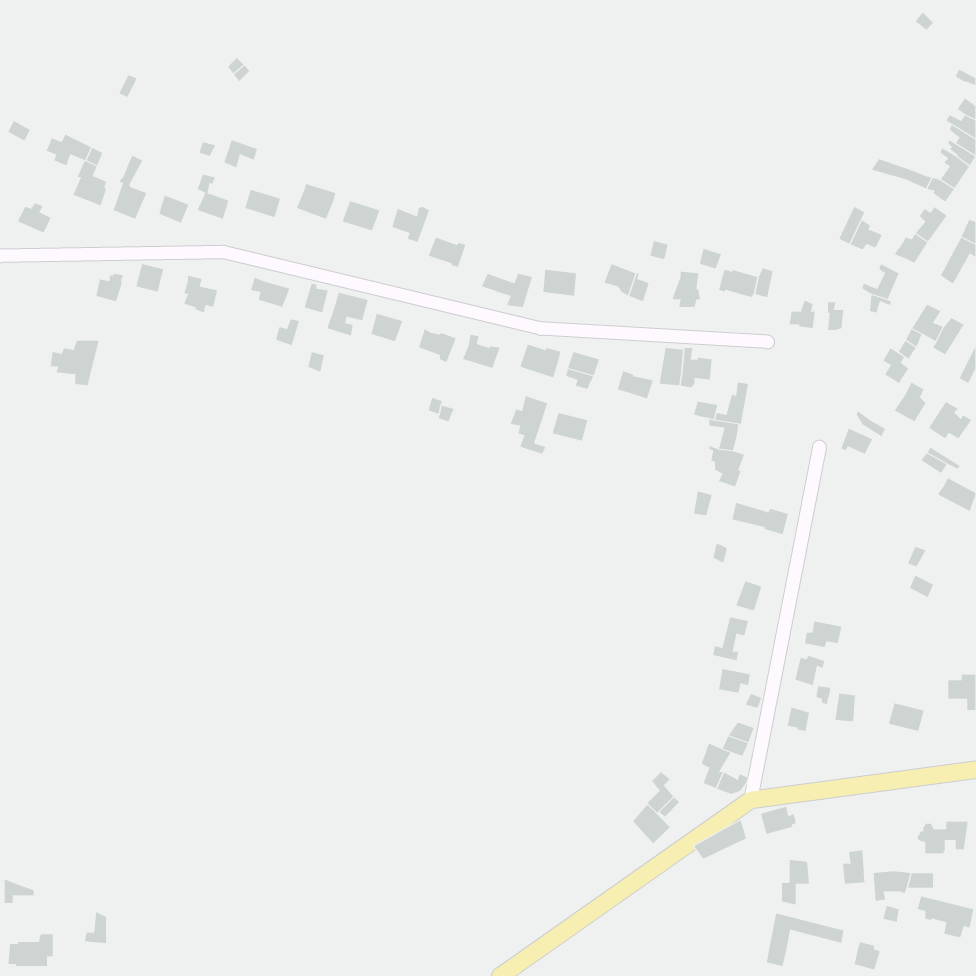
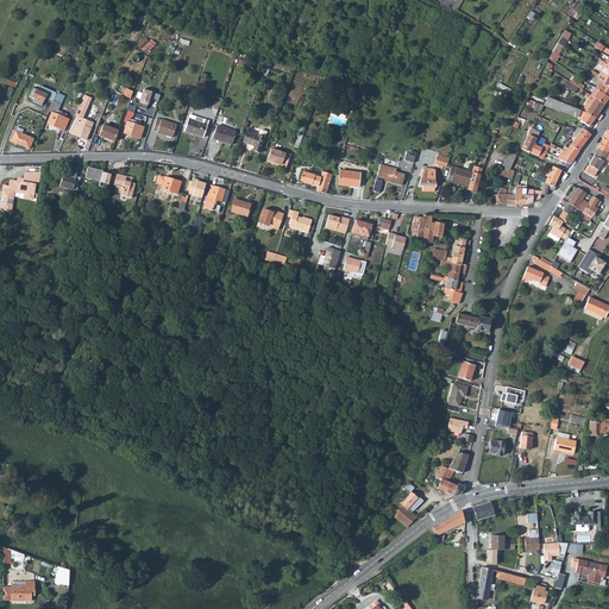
building: [50,340,99,386] -> [7,172,38,201]

